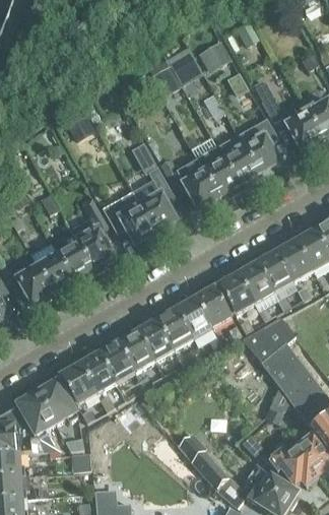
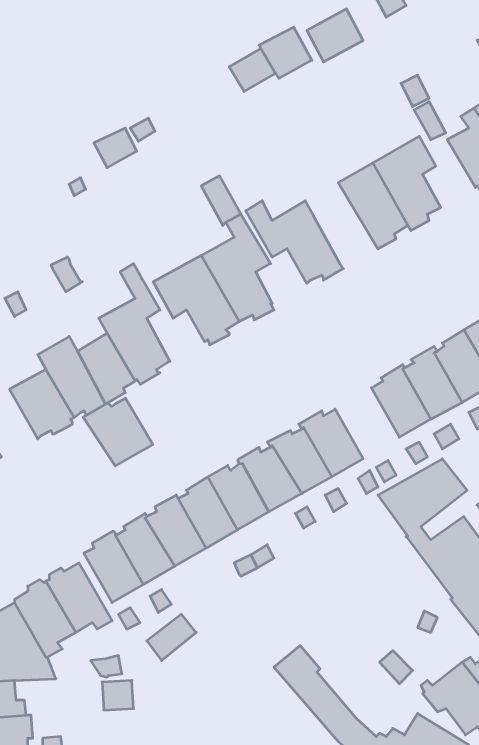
building: [196,146,241,196] -> none
building: [218,269,254,314] -> none
building: none -> [83,398,153,466]

